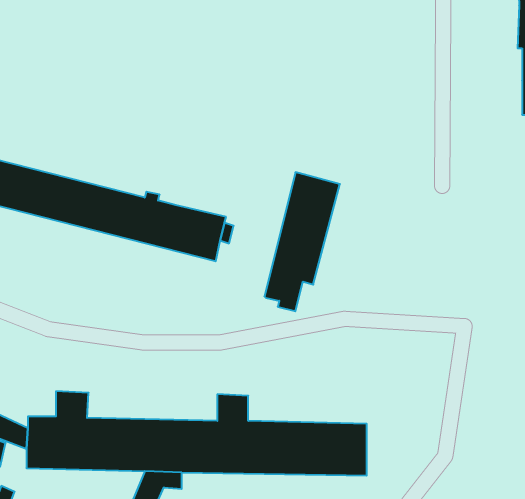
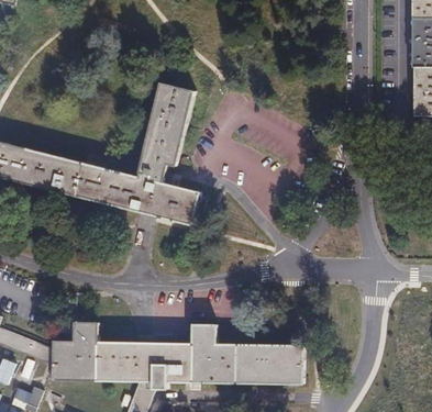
building: [264,172,340,311] -> [137,79,193,182]

